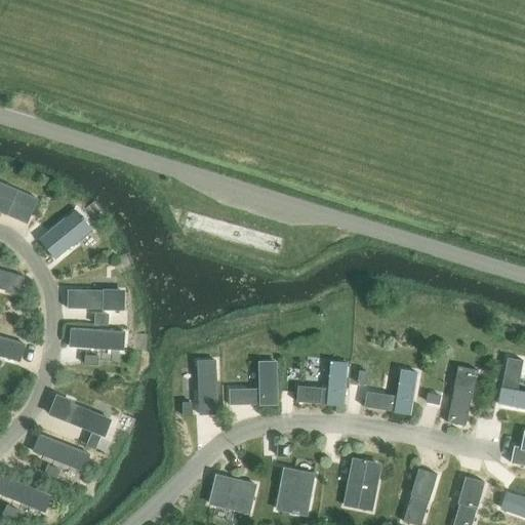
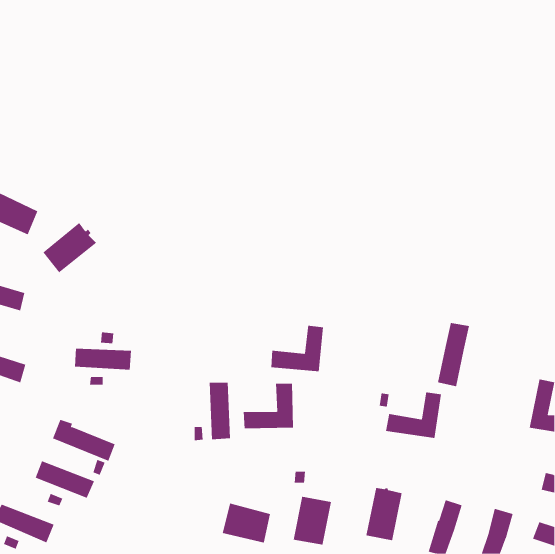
building: [67,288,124,310] -> none
building: [296,361,347,405] -> [270,325,324,372]
building: [446,365,477,426] -> [437,323,470,387]

